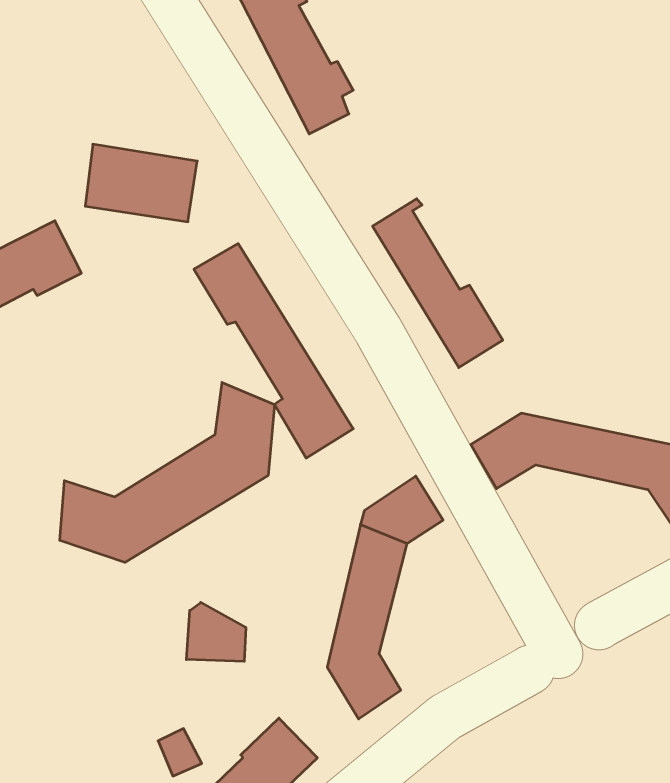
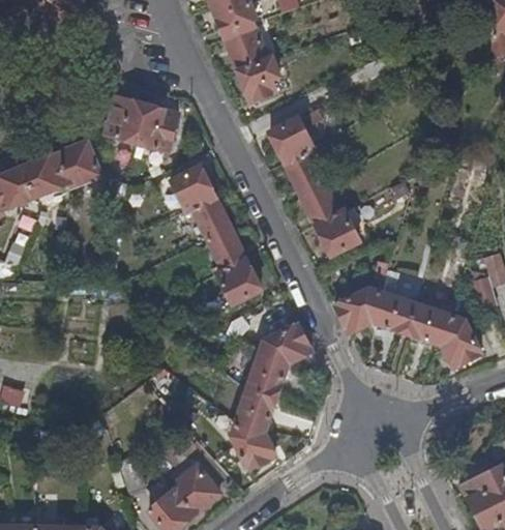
building: none -> [269,117,314,163]
building: [60,382,275,562] -> none
building: [186,602,246,661] -> none

